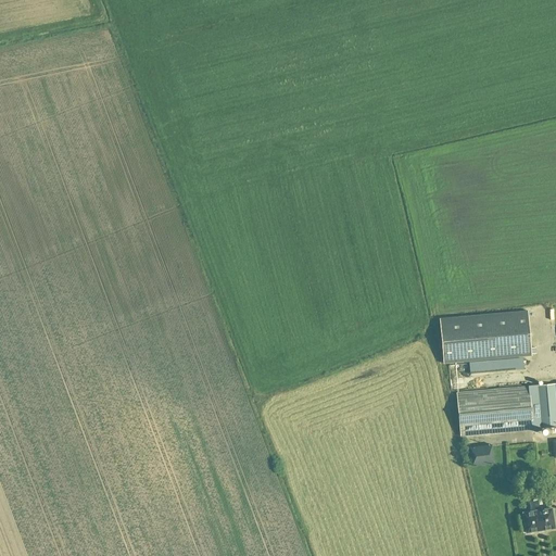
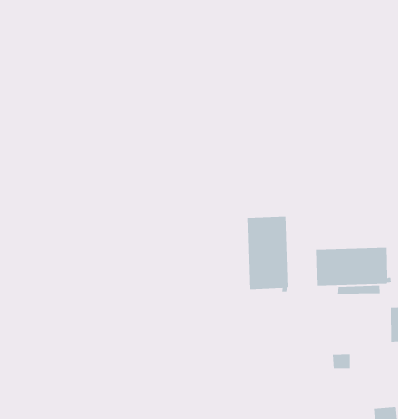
building: none -> [247,216,288,292]
building: [456,384,532,434] -> none

